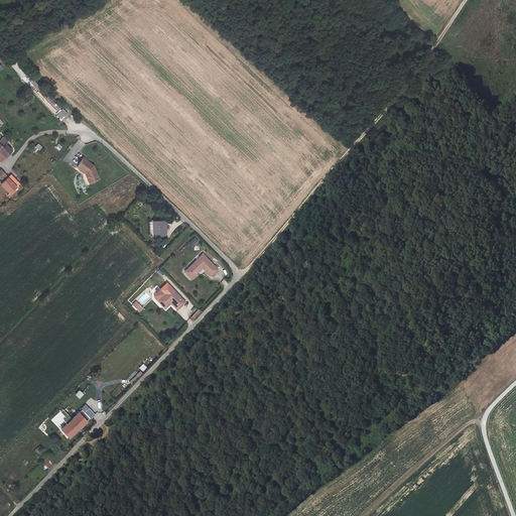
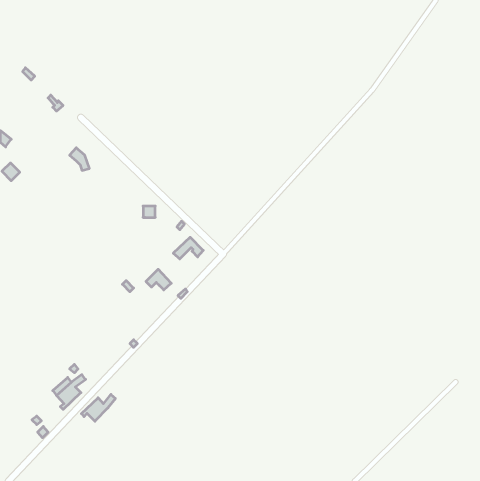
building: none -> [81,394,115,421]

